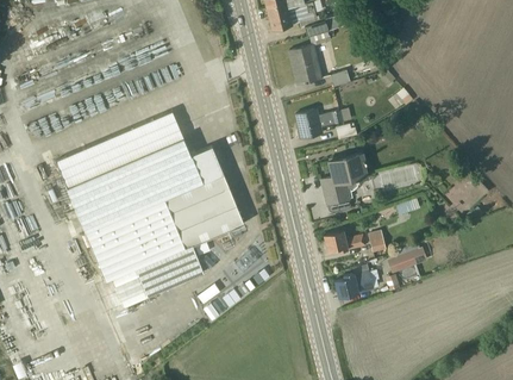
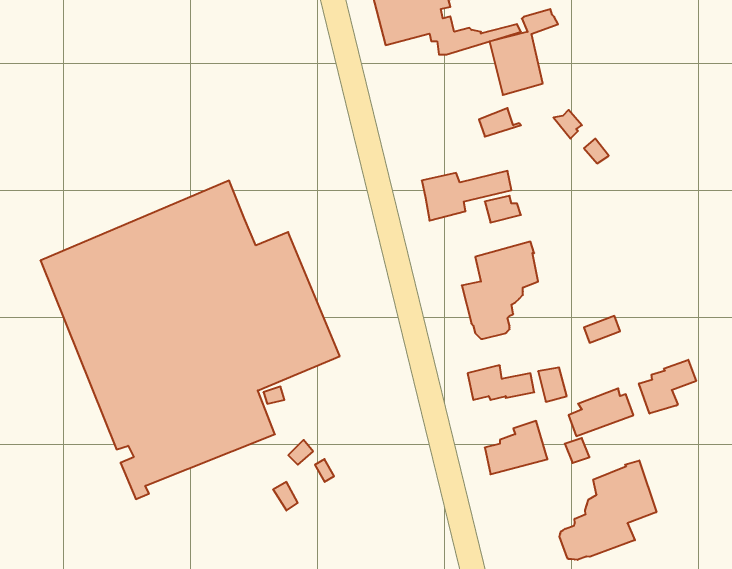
building: [288,31,331,85] -> [489,9,558,95]
building: none -> [639,360,696,414]
building: none -> [559,460,656,560]

